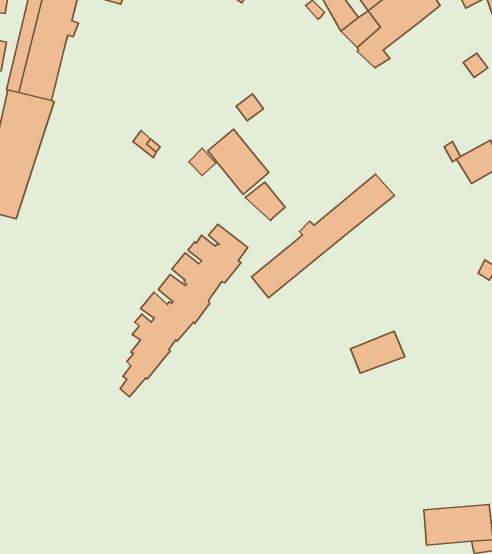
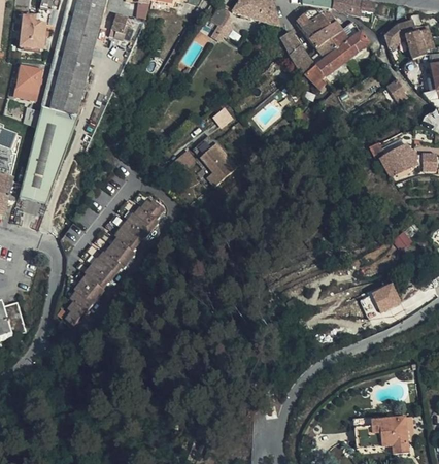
building: [251,174,394,298] -> none
building: [245,182,285,220] -> none
building: [120,224,248,397] -> [66,192,163,323]
building: [351,331,405,373] -> [363,287,404,319]

